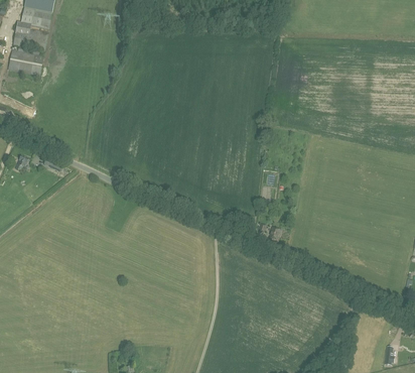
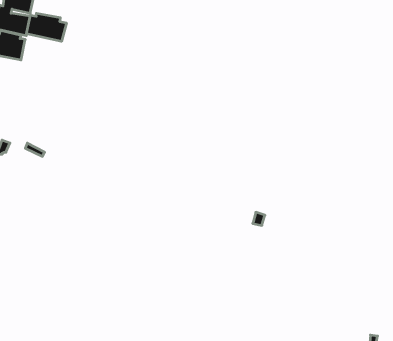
building: none -> [27,13,66,41]

